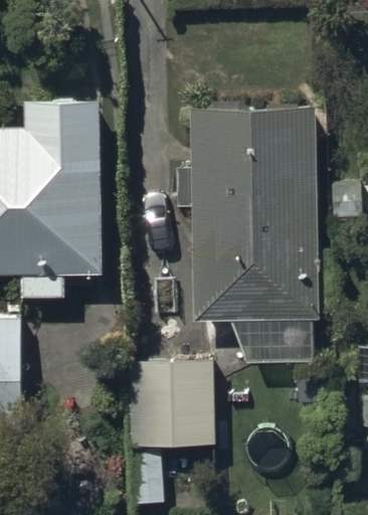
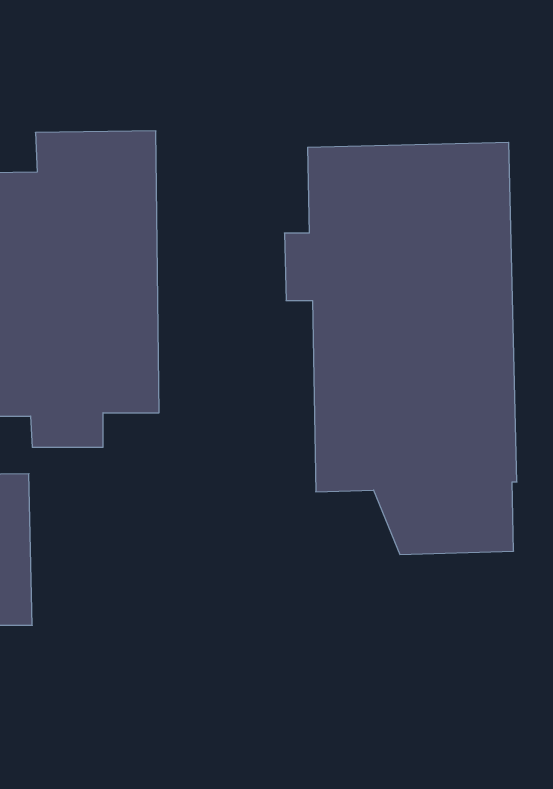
building: [131,358,215,444] -> none

